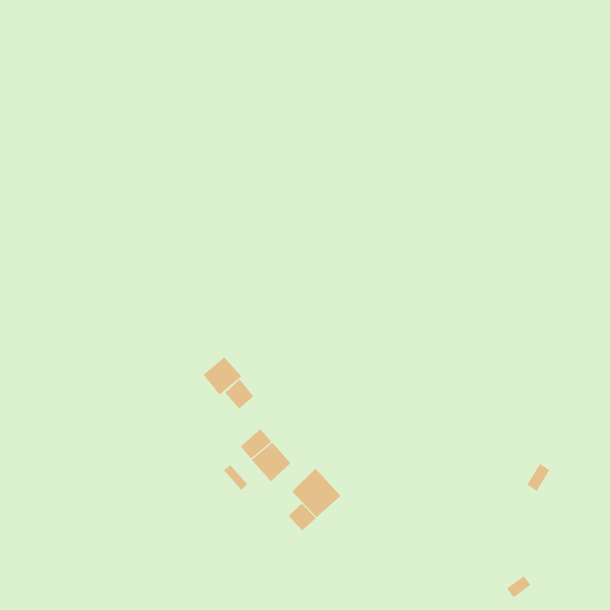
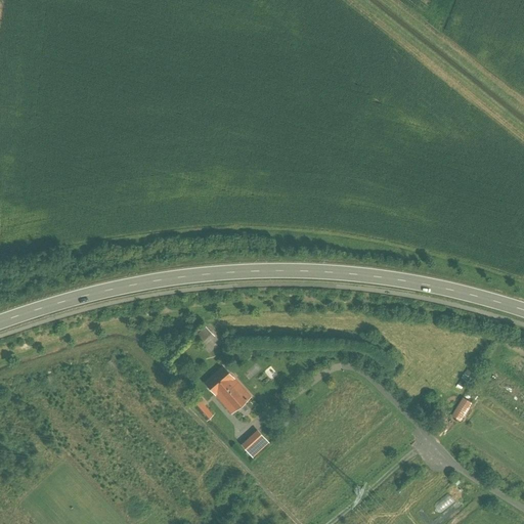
building: [203,356,242,396] -> none
building: [292,468,342,518] -> none

